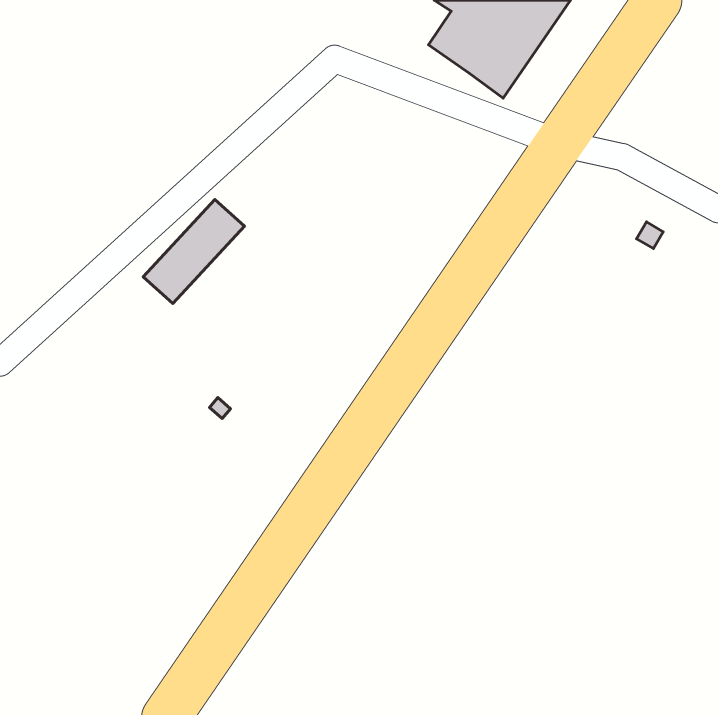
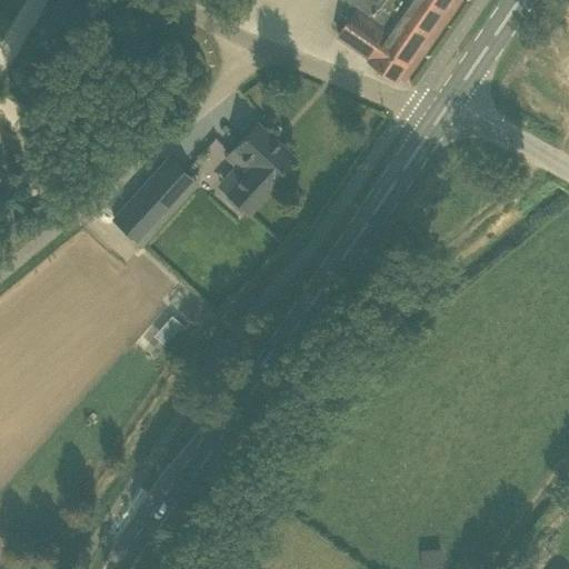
building: none -> [226,124,292,213]

